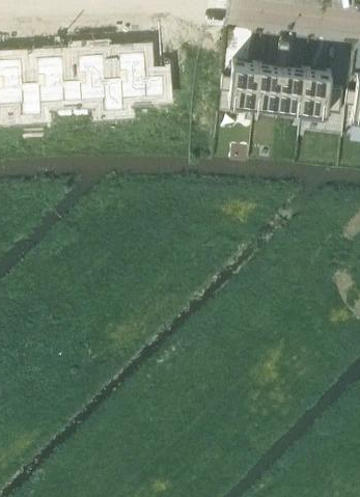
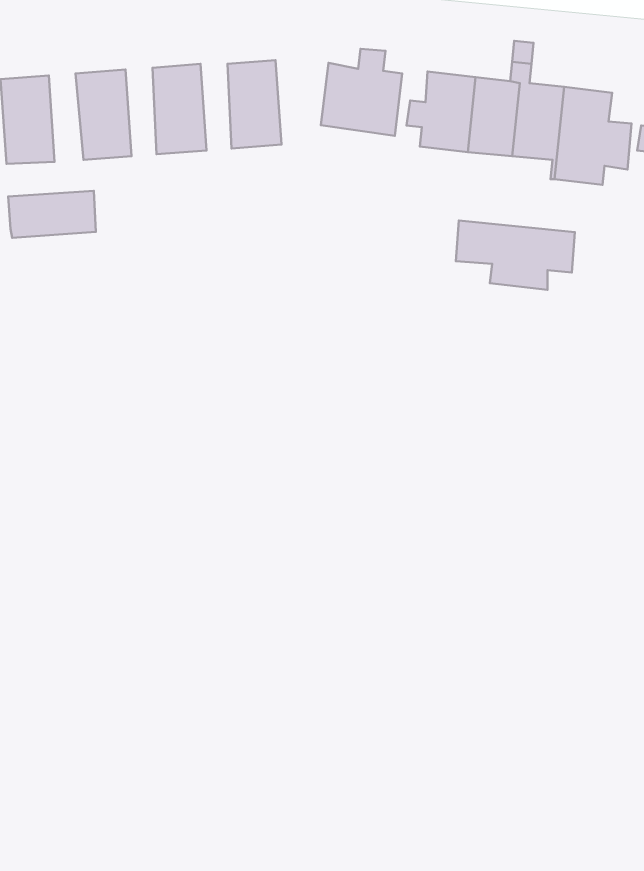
building: none -> [321,49,402,136]
building: none -> [8,191,96,238]
building: none -> [456,220,575,290]

